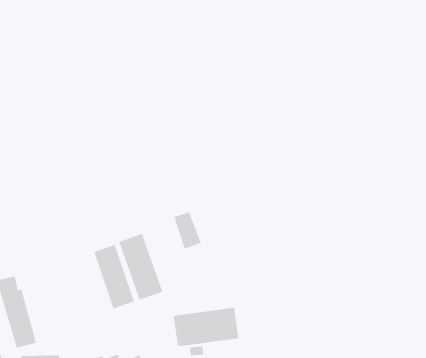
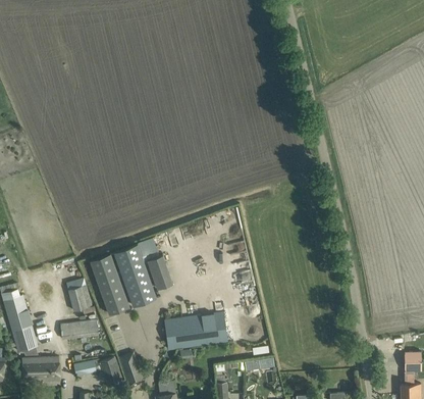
building: [173,211,202,249] -> [147,253,173,289]
building: none -> [66,280,92,311]
building: none -> [60,319,99,339]

